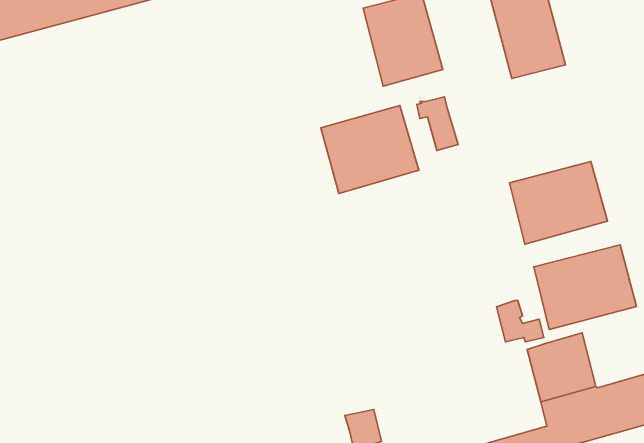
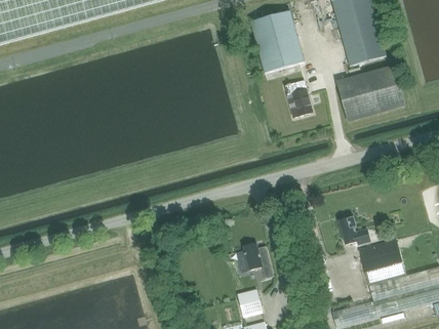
building: [321,106,419,193] -> none
building: [510,161,608,244] -> [336,69,402,124]
building: [534,245,637,329] -> none
building: none -> [241,244,272,280]

